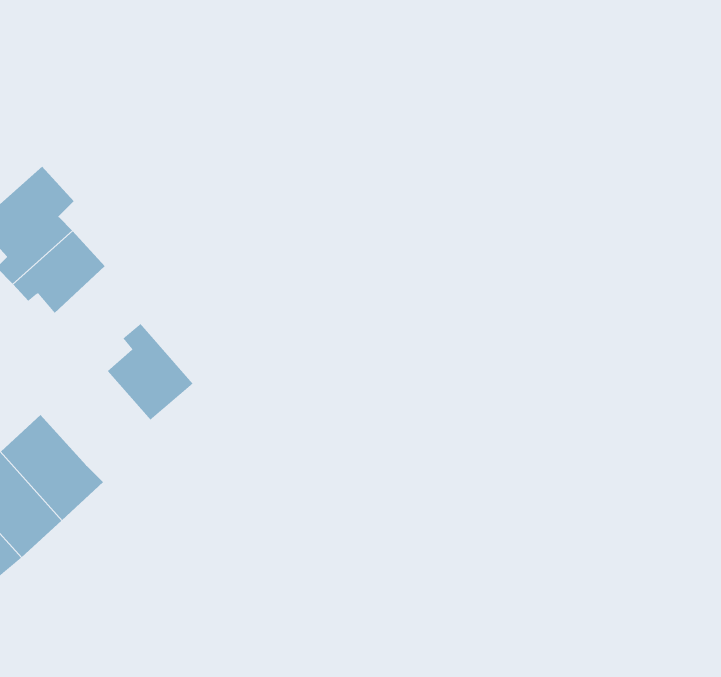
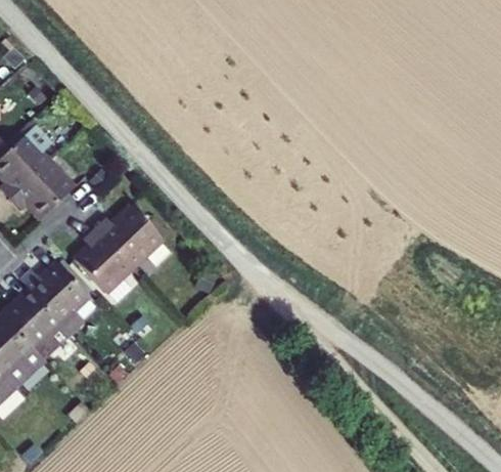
building: none -> [97,207,163,267]
building: none -> [21,261,90,333]

